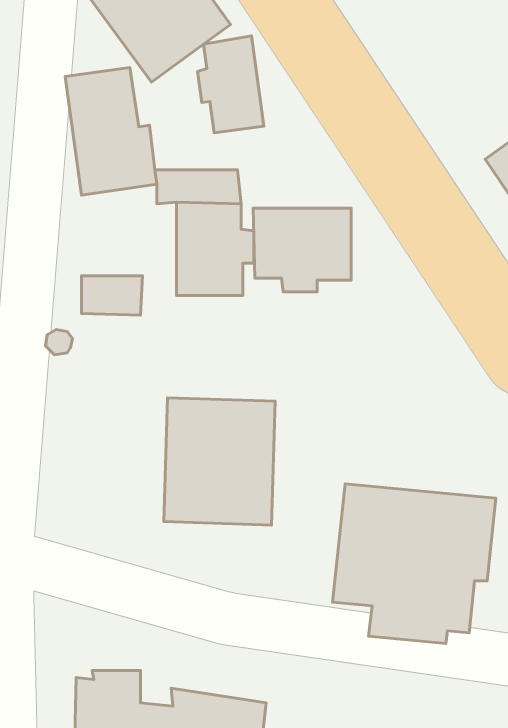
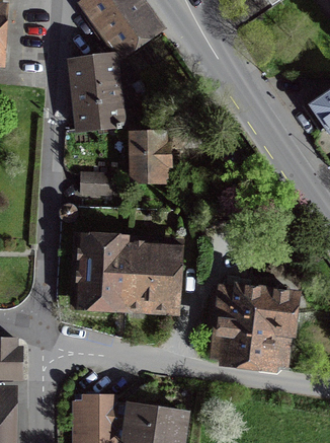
building: [198,36,264,133] -> none
building: [253,208,351,292] -> none
building: none -> [75,237,127,309]

